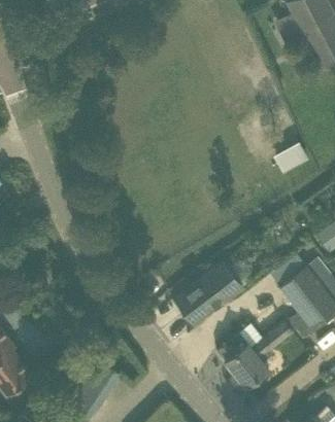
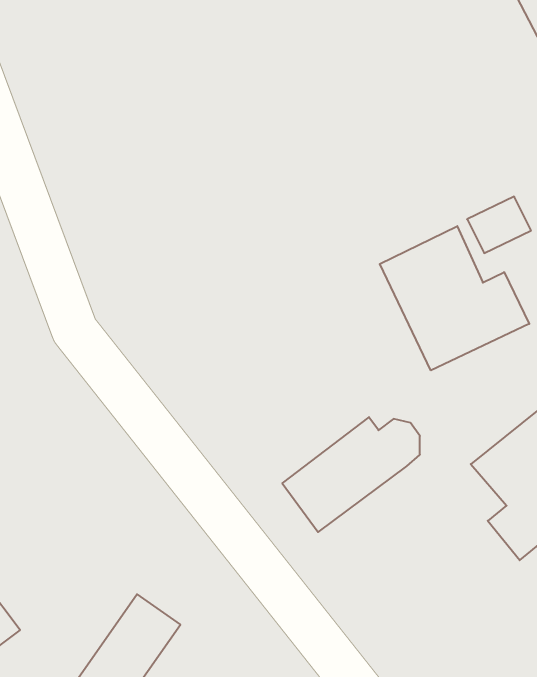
building: none -> [380,226,529,370]
building: [216,323,292,389] -> none

